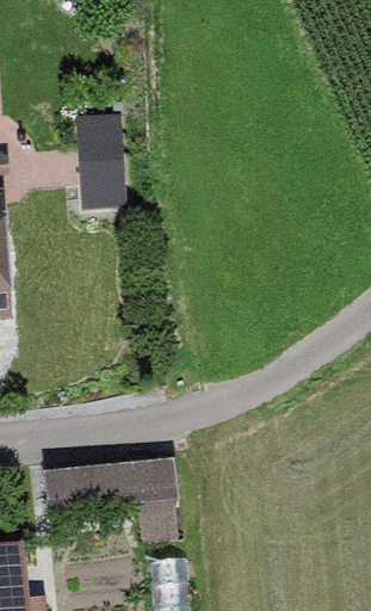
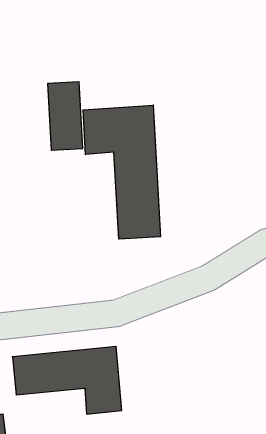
building: none -> [83,105,161,239]

